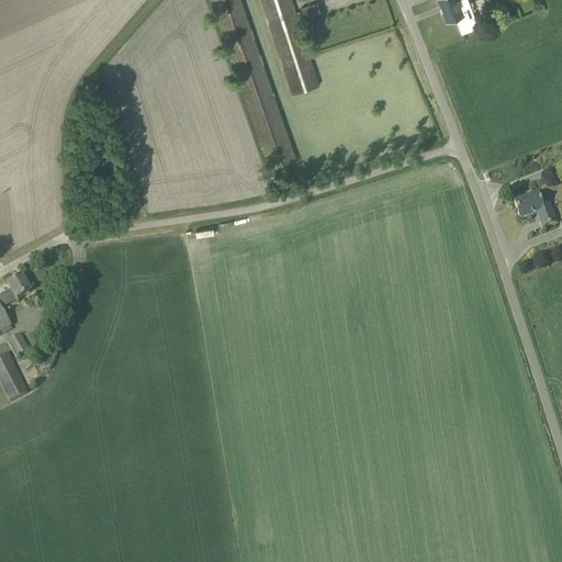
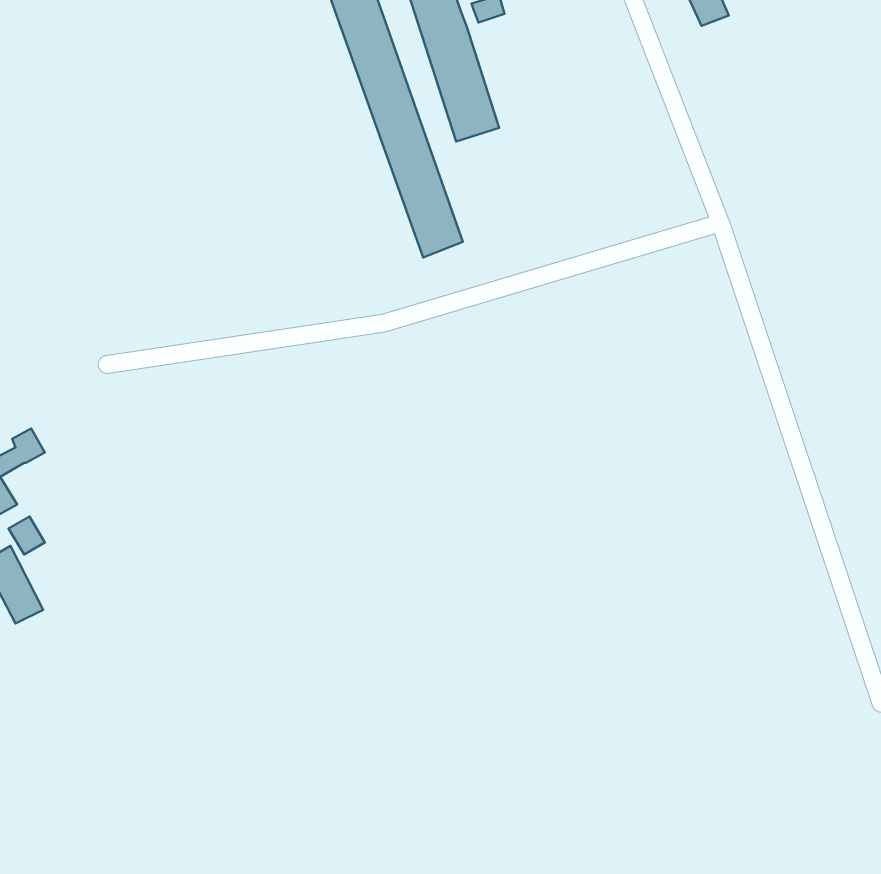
building: [513,189,555,224] -> none

